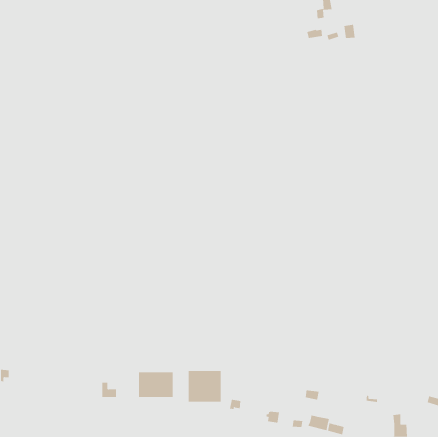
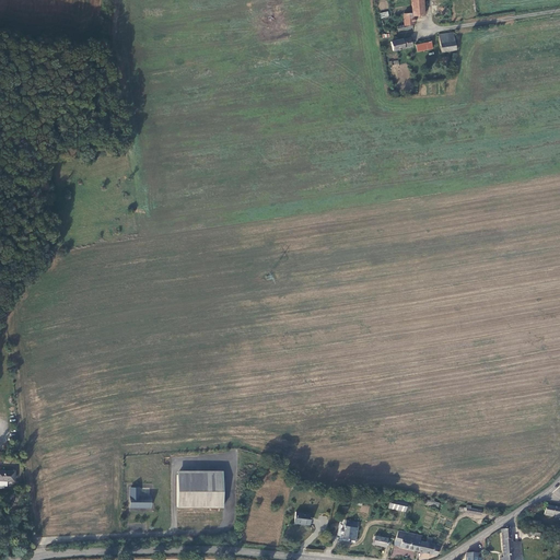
building: [188,370,221,403] -> none

